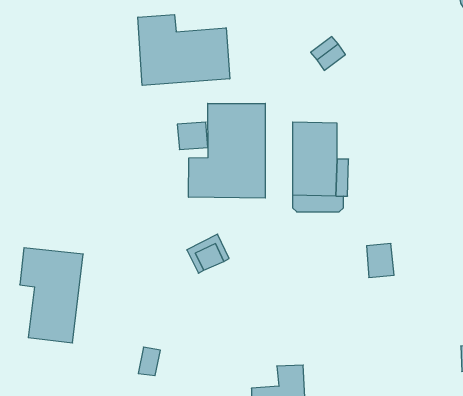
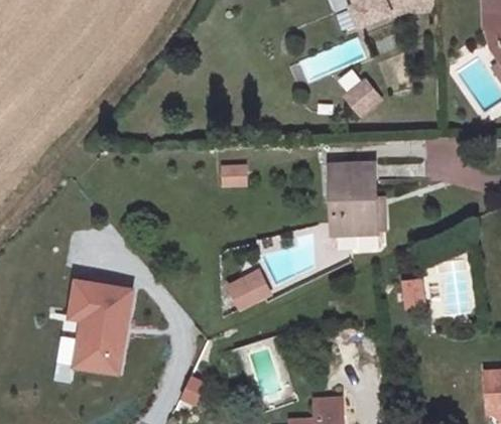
building: [138,15,230,85] -> none
building: [189,103,265,198] -> none

